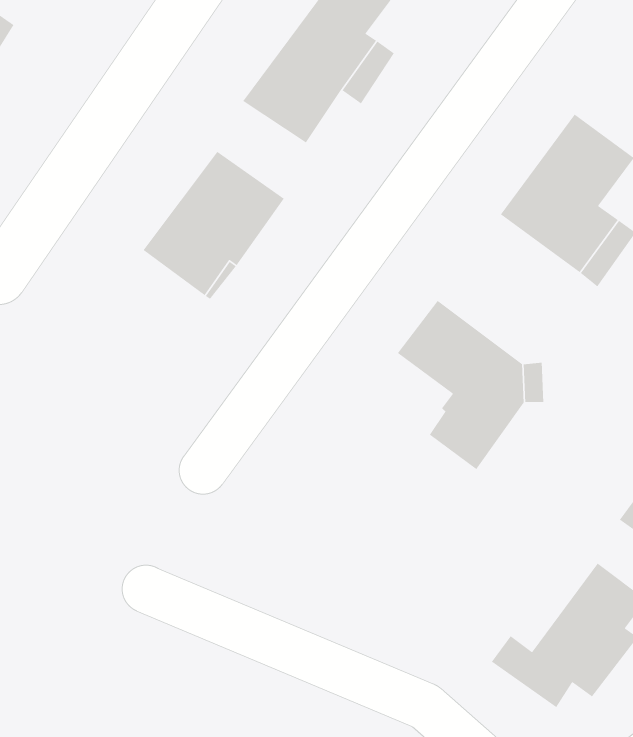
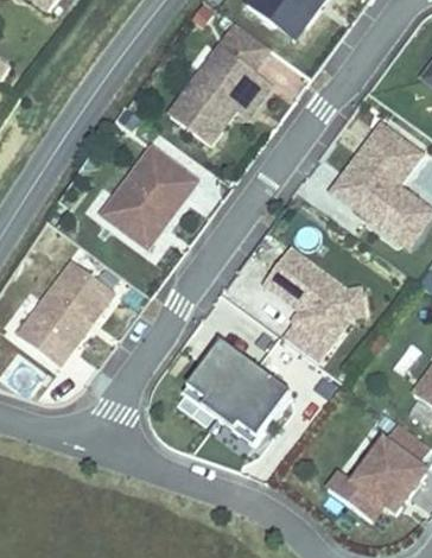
building: none -> [12,261,110,367]
building: none -> [186,343,296,448]

